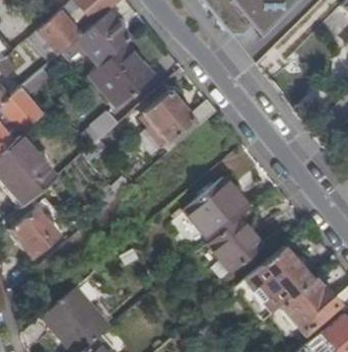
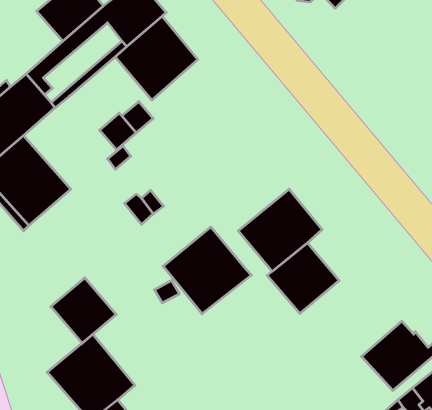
building: [145,90,219,142] -> none
building: none -> [163,227,251,314]
building: [10,207,61,258] -> [51,278,116,343]
building: [245,247,314,313] -> none

